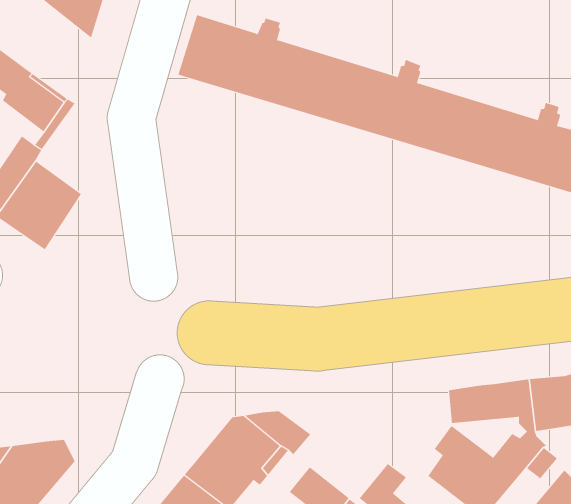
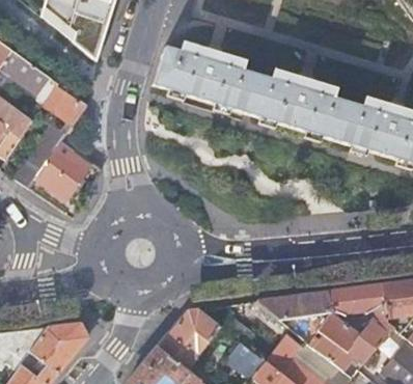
building: none -> [257,292,331,327]

